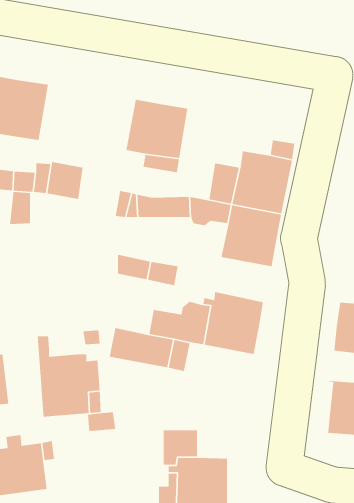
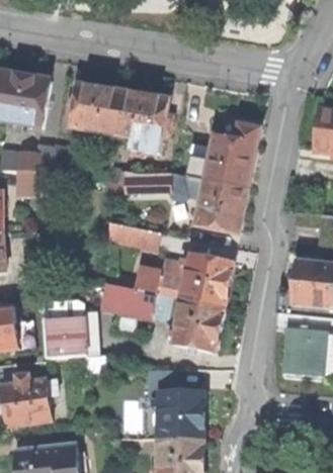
building: none -> [71,83,123,133]
building: none -> [166,297,224,351]

